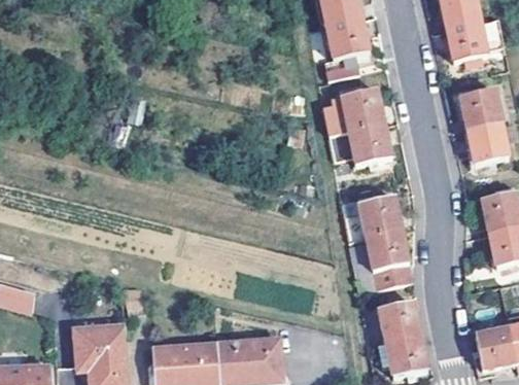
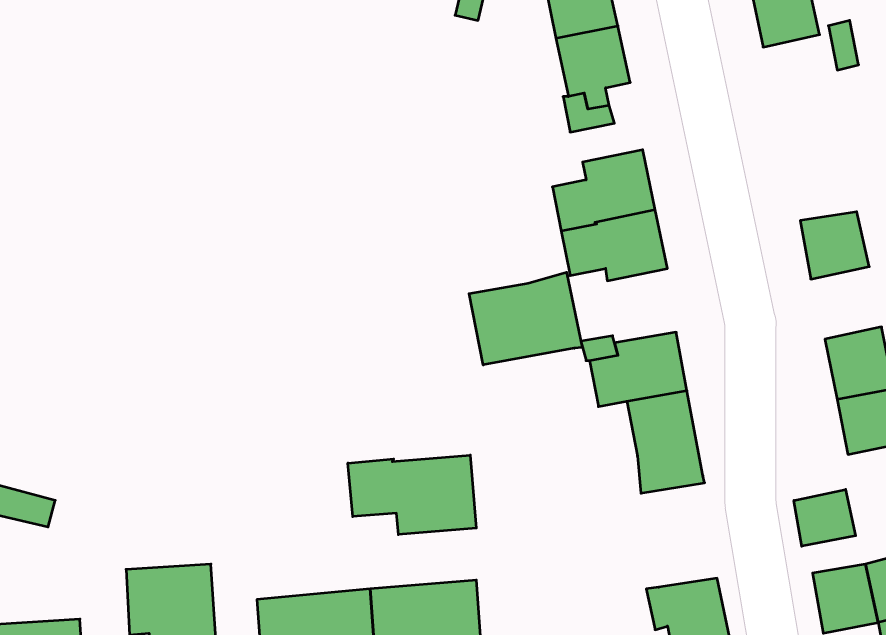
building: [446,21,486,62] -> none
building: [460,90,500,129] -> none
building: none -> [469,272,582,365]
building: none -> [348,455,476,535]
building: none -> [794,489,856,546]
building: [379,302,419,342] -> none

